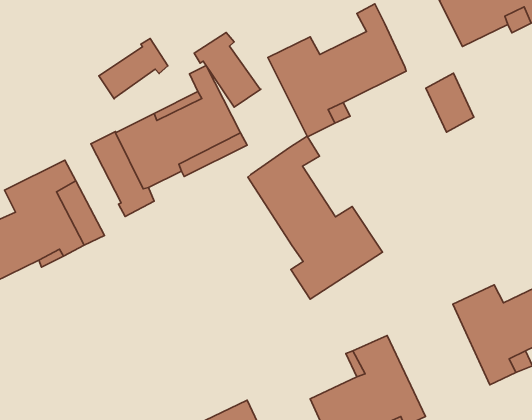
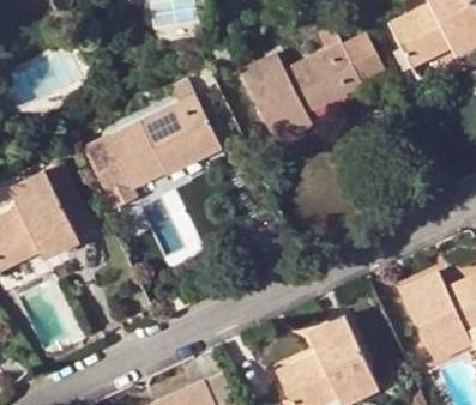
building: [194,32,261,107] -> none
building: [99,39,168,99] -> none
building: [426,73,474,132] -> [342,30,384,81]
building: [248,136,383,299] -> none

